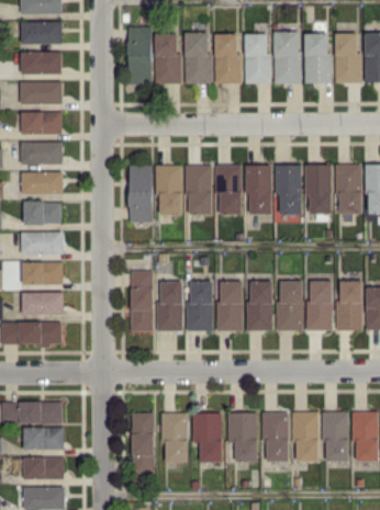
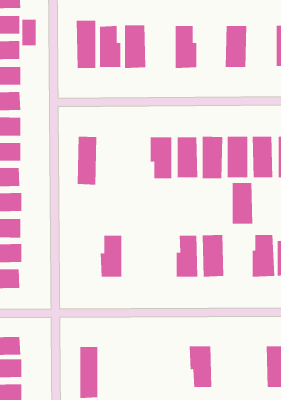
building: none -> [22,19,36,46]
building: [273,32,301,84] -> none
building: [335,34,360,83] -> none
building: [214,35,242,83] -> none
building: [155,166,182,215] -> none
building: [187,166,212,215] -> none
building: [130,271,153,331] -> none
building: [308,281,333,330] -> [232,182,253,224]
building: [186,282,212,331] -> none
building: [216,282,243,331] -> none
building: [323,411,348,462] -> none
building: [160,412,188,462] -> none
building: [227,412,257,462] -> none
building: [292,412,318,462] -> none
building: [192,413,222,463] -> none

